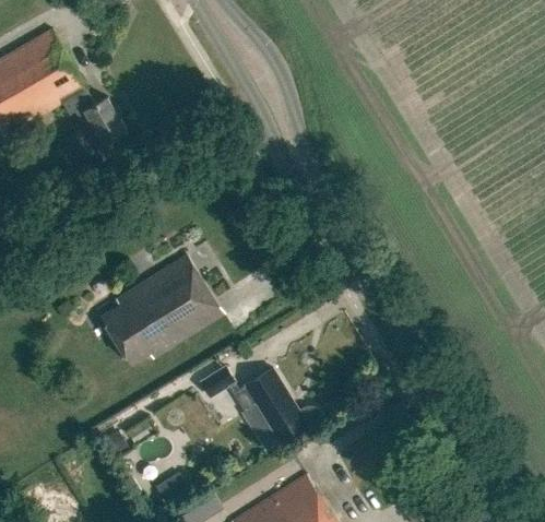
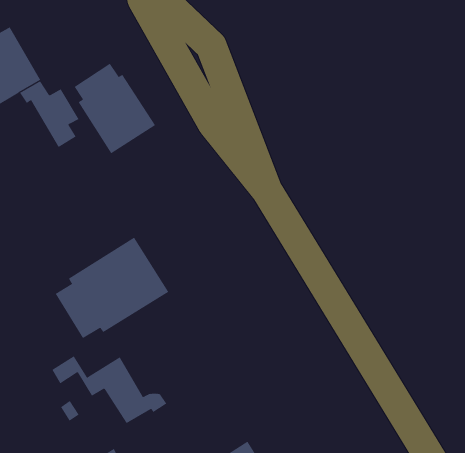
building: none -> [74,63,156,154]
building: [199,367,322,440] -> [52,356,167,424]

